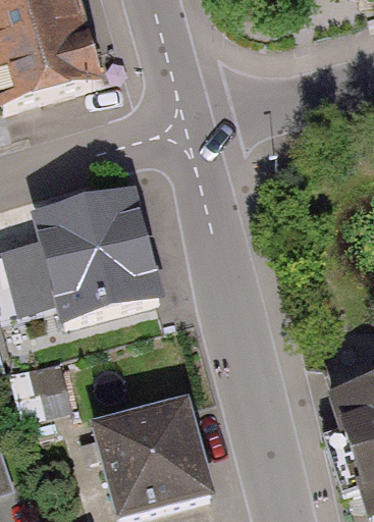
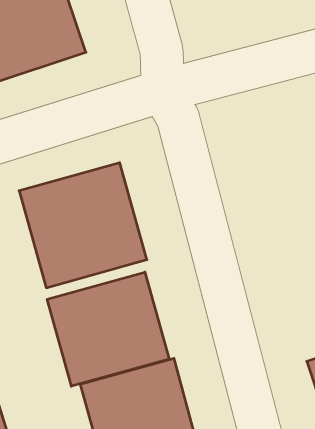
building: none -> [47,272,169,386]

